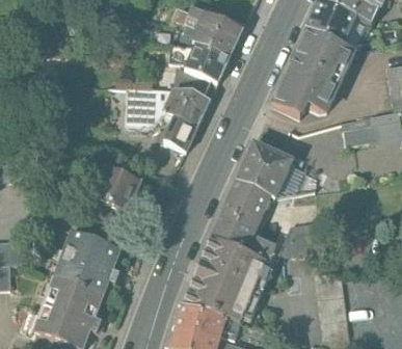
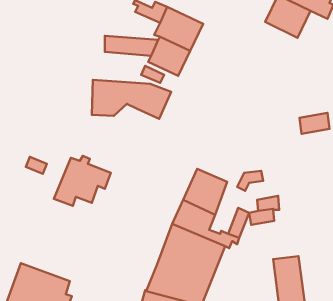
building: [273,34,353,115] -> none
building: [163,117,196,152] -> none
building: [236,142,291,196] -> none
building: [53,232,120,296] -> none

